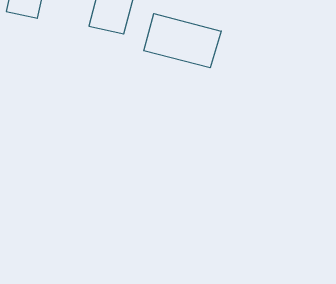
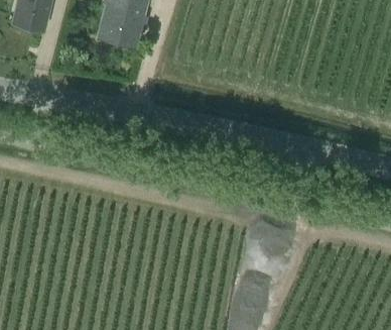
building: [144,14,221,68] -> none

